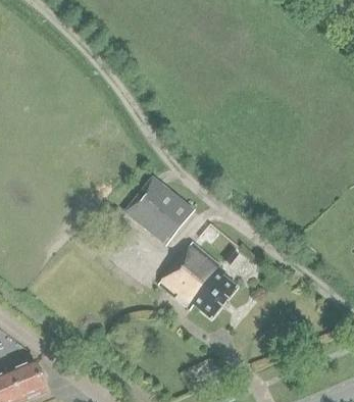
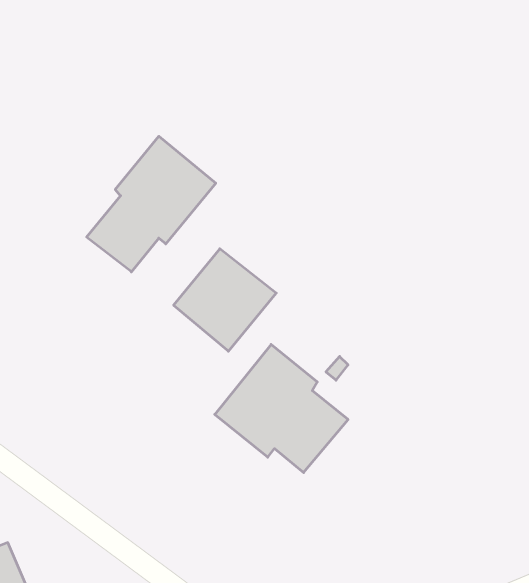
building: none -> [87,136,216,272]

